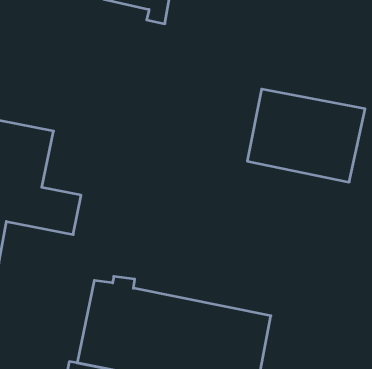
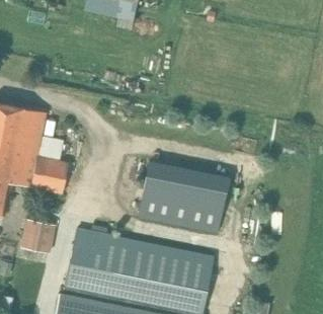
building: [247,89,365,182] -> [138,162,229,234]
building: none -> [21,220,57,254]

